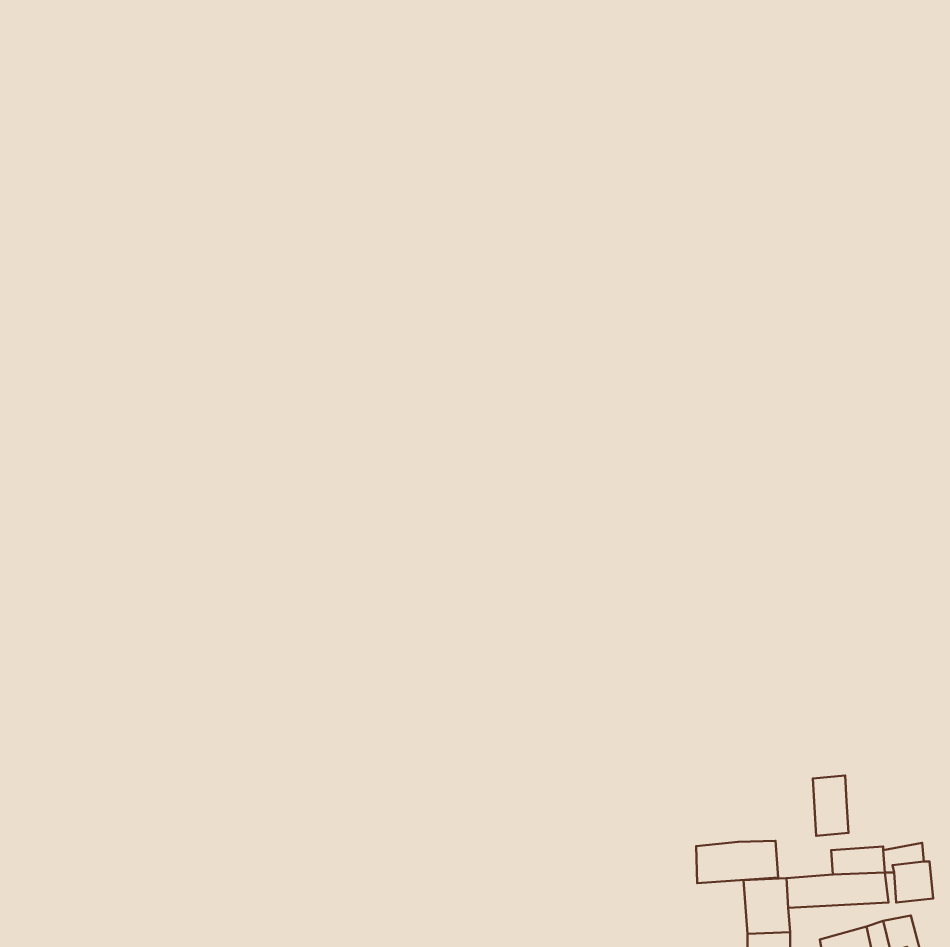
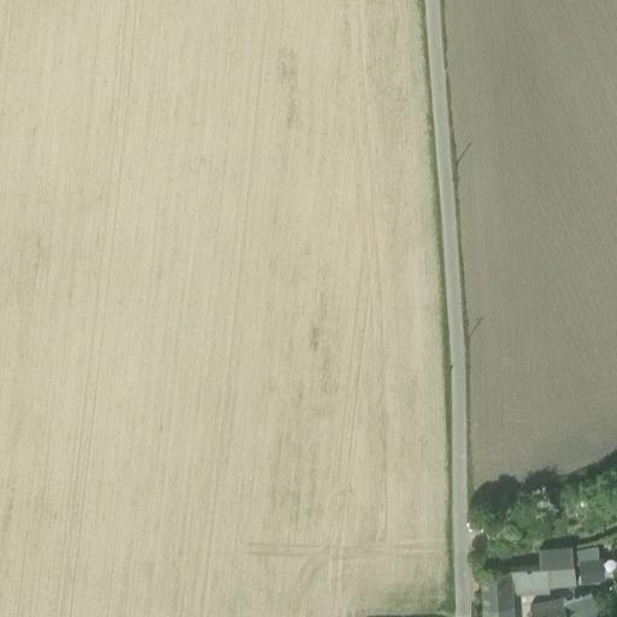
building: [813,776,848,836] -> none
building: [696,841,778,883] -> none

